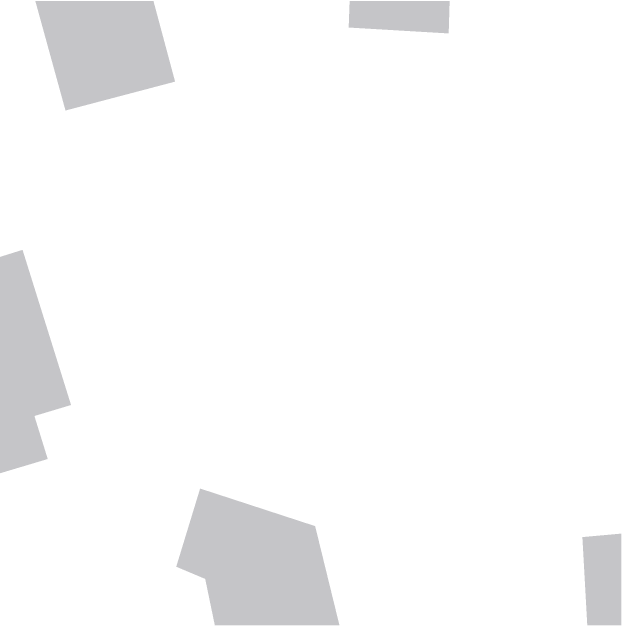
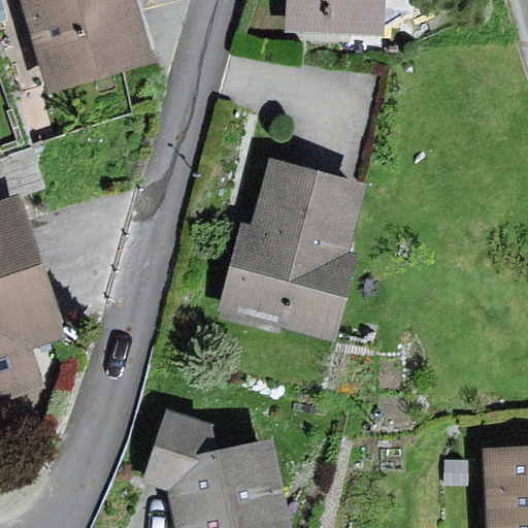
building: none -> [221,163,361,338]

